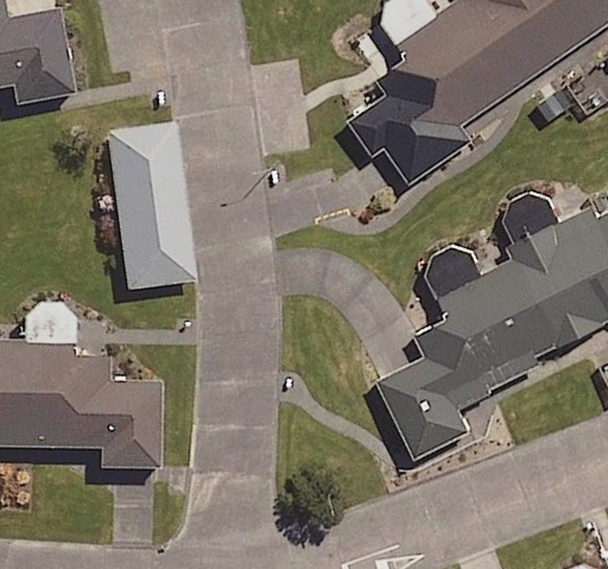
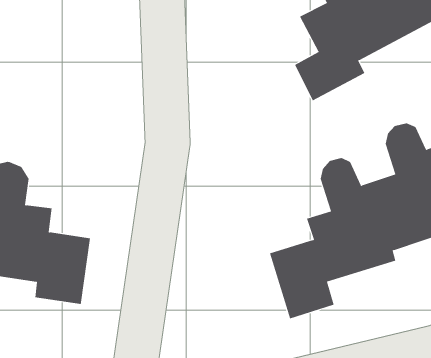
building: [107,125,195,289] -> none

